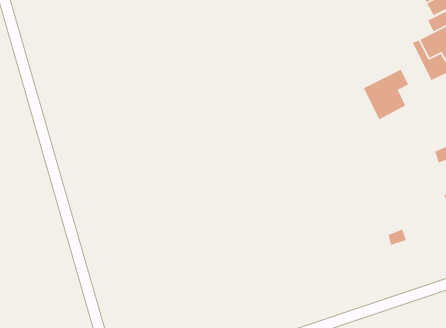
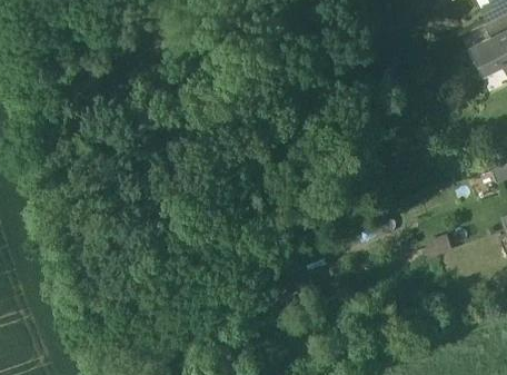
building: [363,69,409,120] -> none

